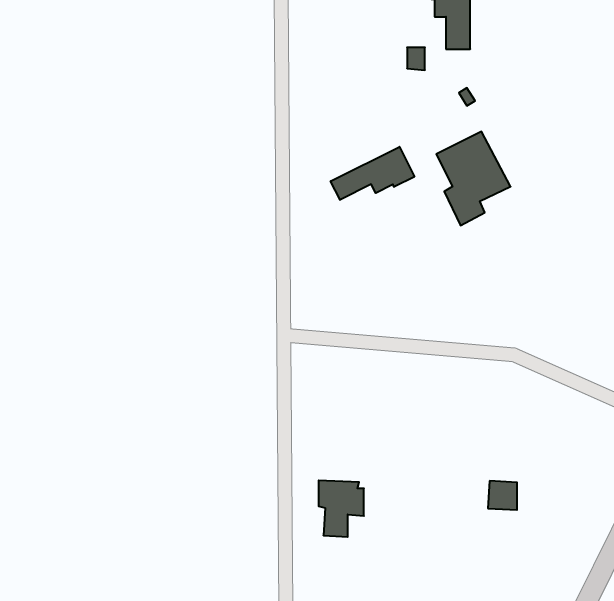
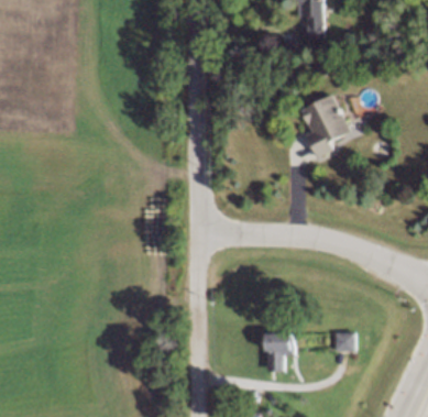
building: [331,147,414,200] -> none
building: [319,480,364,537] -> [265,333,296,372]

